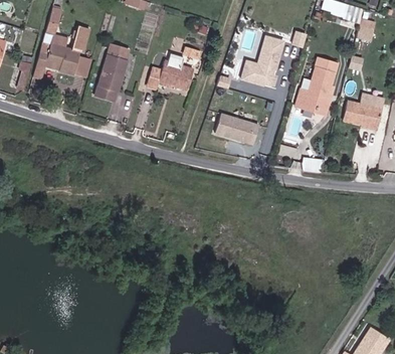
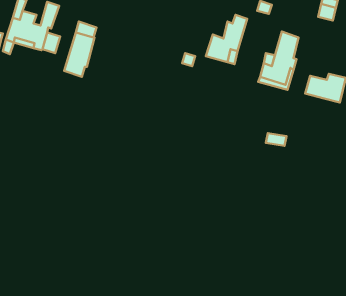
building: [147,53,195,90] -> none
building: [213,114,258,145] -> none

